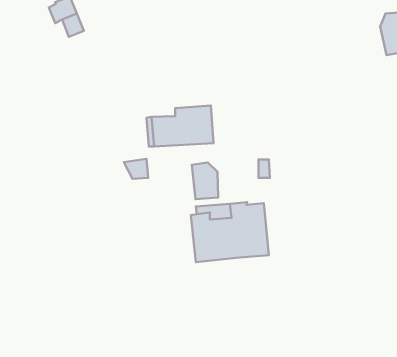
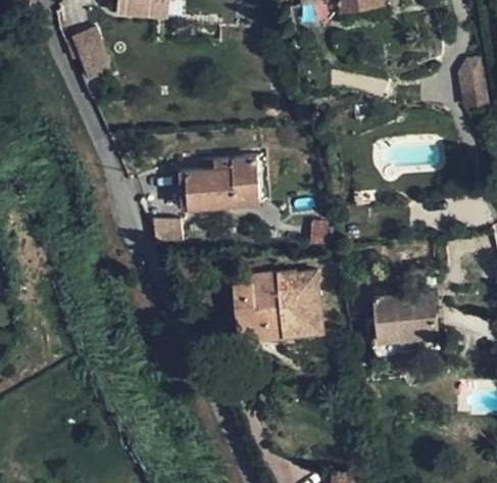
building: [192,162,218,199] -> none
building: none -> [360,291,439,339]

